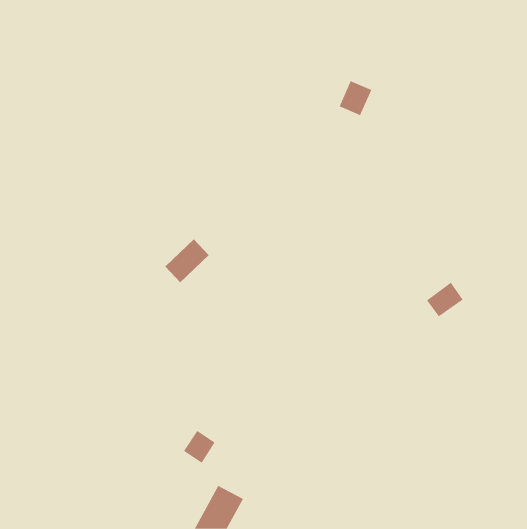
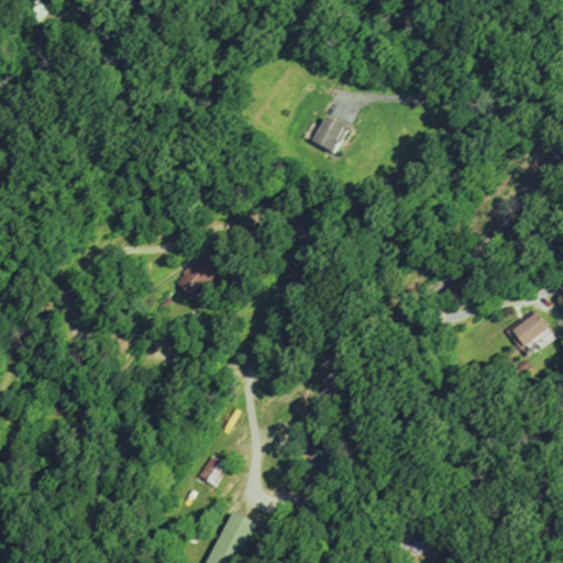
building: [339,80,372,116] -> [312,117,347,154]
building: [426,282,464,317] -> [511,312,551,350]

